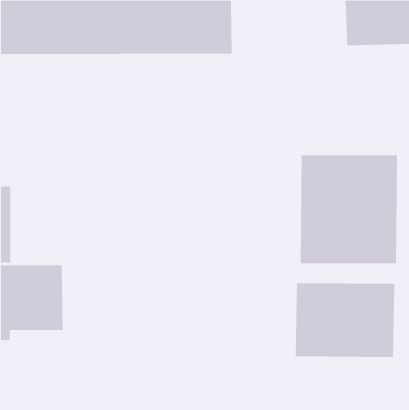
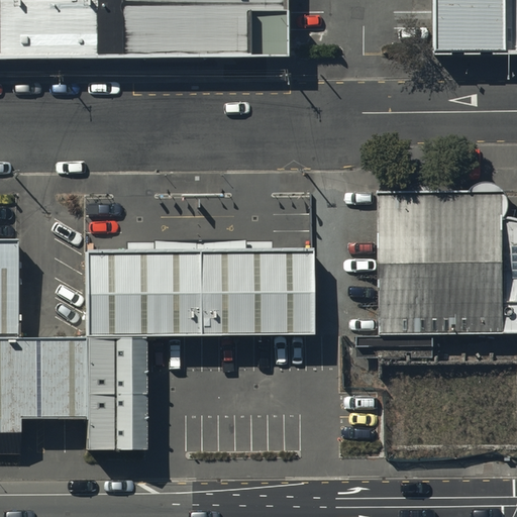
building: none -> [84,246,310,333]
building: none -> [83,343,144,449]
building: [295,282,395,358] -> none

